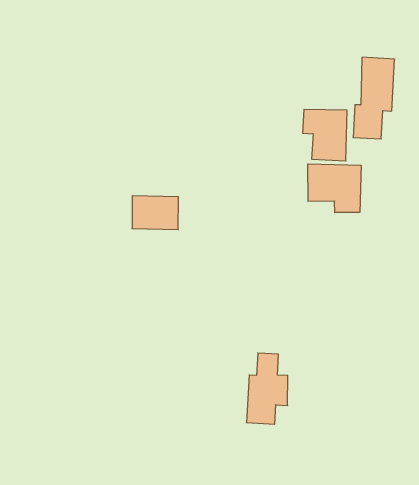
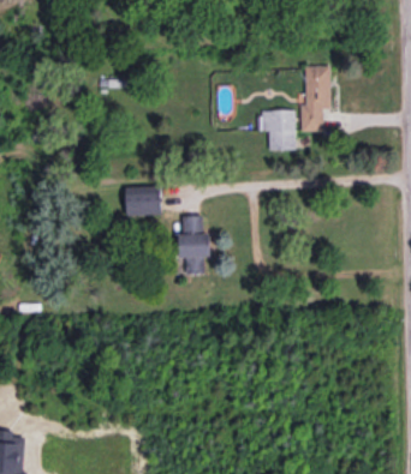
building: [308,164,361,213] -> none
building: [246,353,288,424] -> [179,216,212,272]

